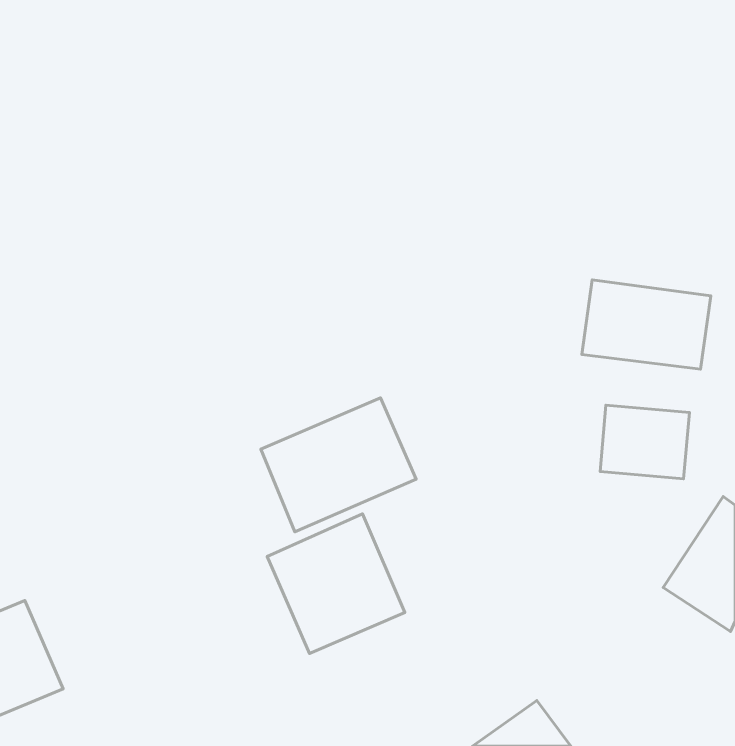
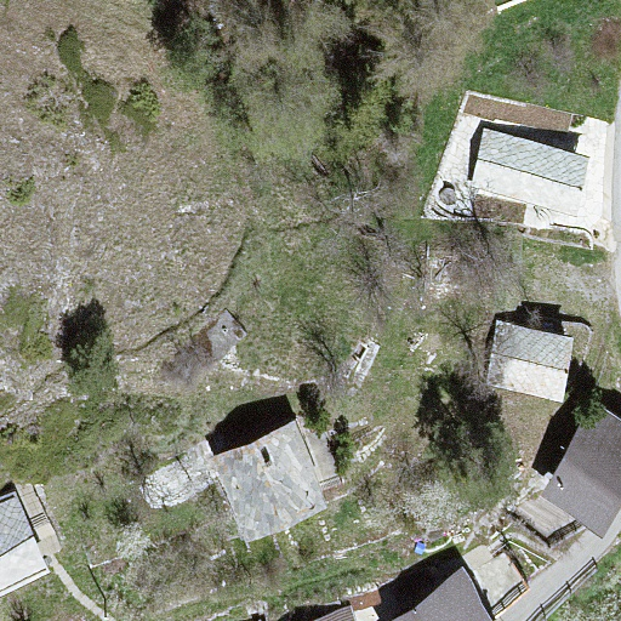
building: [582,280,711,369] -> [469,135,576,209]
building: [261,398,416,532] -> none

